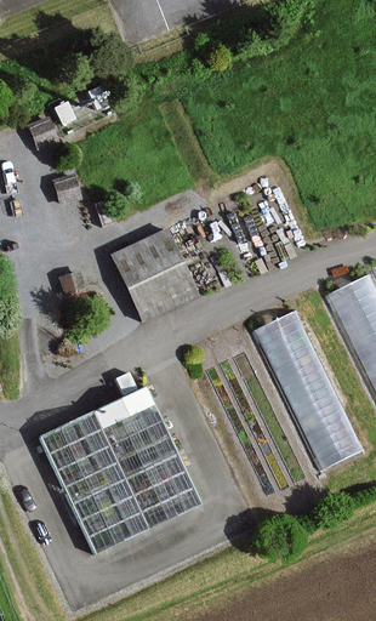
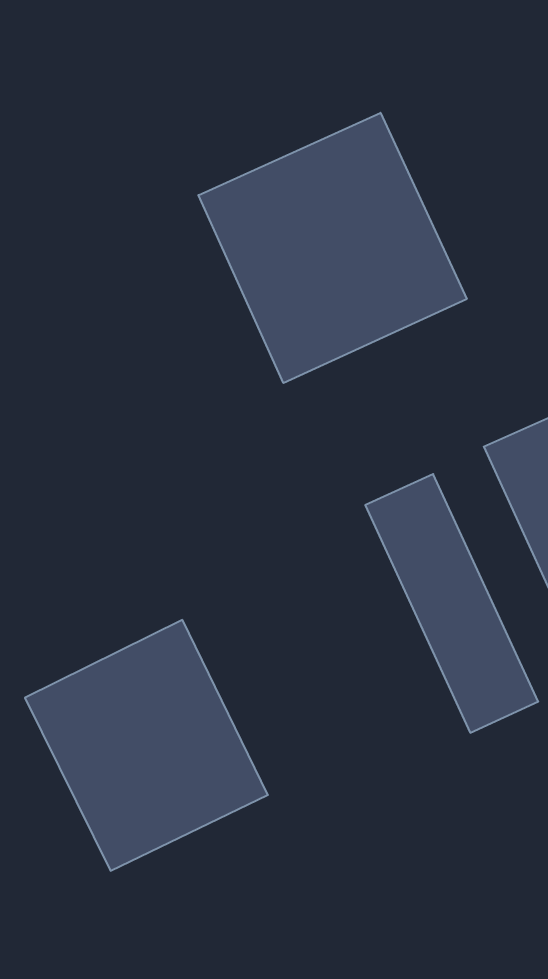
building: none -> [198,113,467,383]
building: [110,237,193,324] -> none

